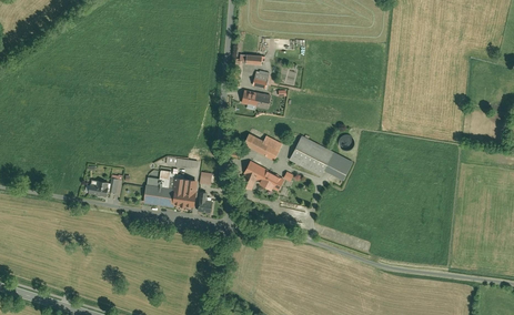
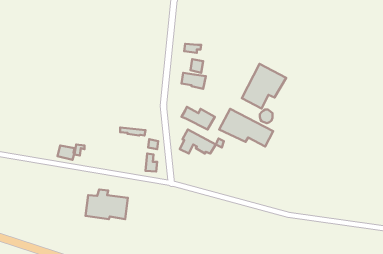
building: none -> [242,64,286,108]
building: [144,171,196,207] -> [86,190,128,219]

